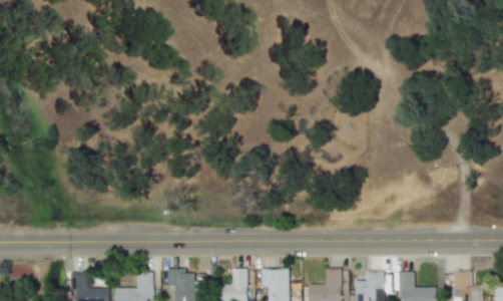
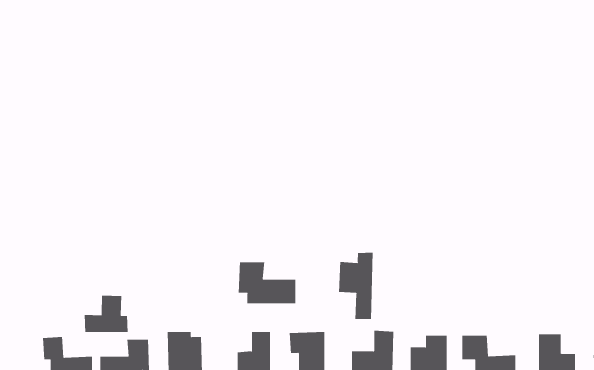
building: none -> [338,252,373,320]
building: none -> [238,262,296,304]
building: none -> [84,295,128,333]

